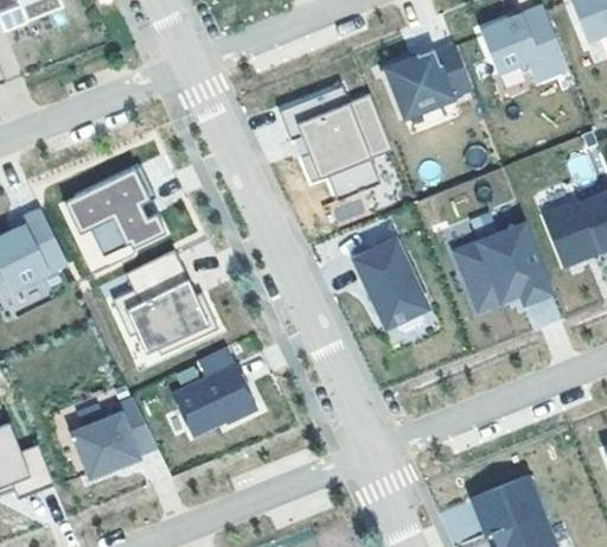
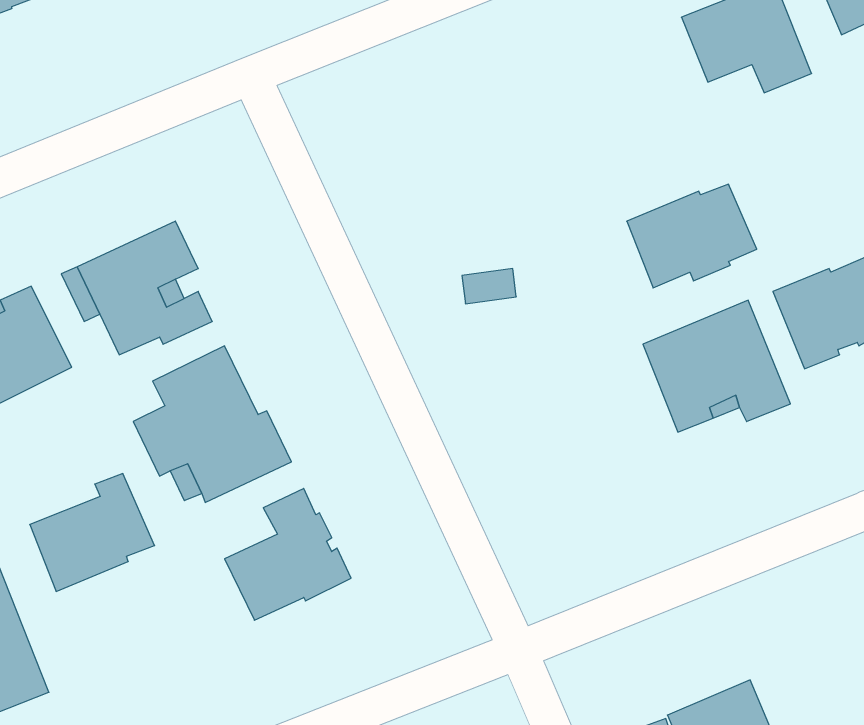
building: [385,43,473,113] -> [627,184,757,288]
building: [280,83,392,199] -> none
building: [351,238,426,330] -> none
building: [72,401,156,481] -> [30,474,155,591]

